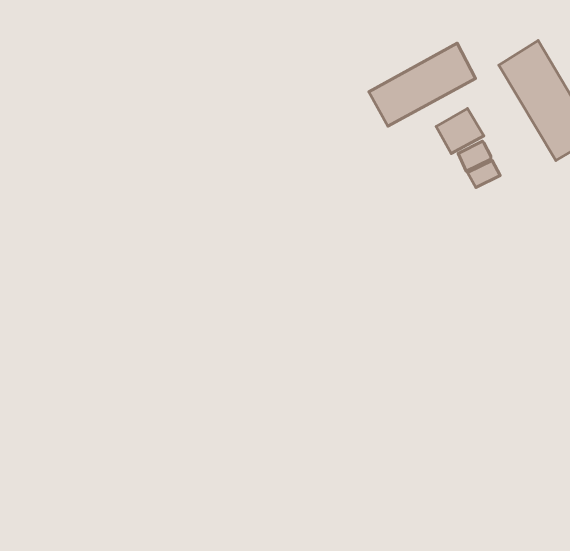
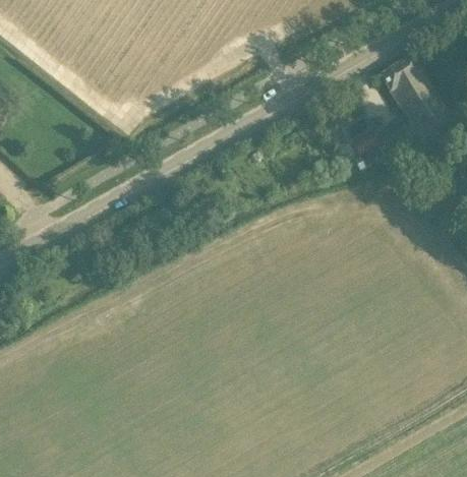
building: [369,43,476,126] -> none

